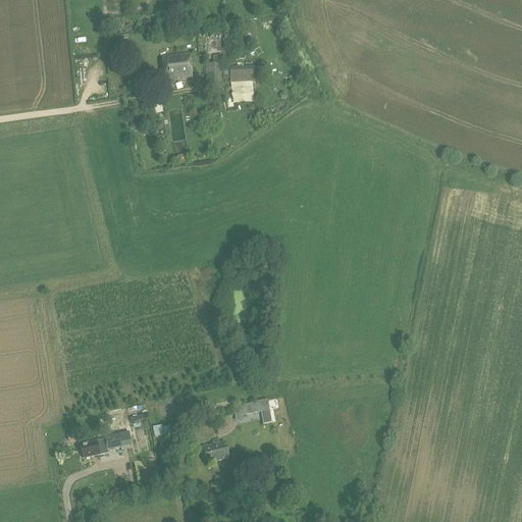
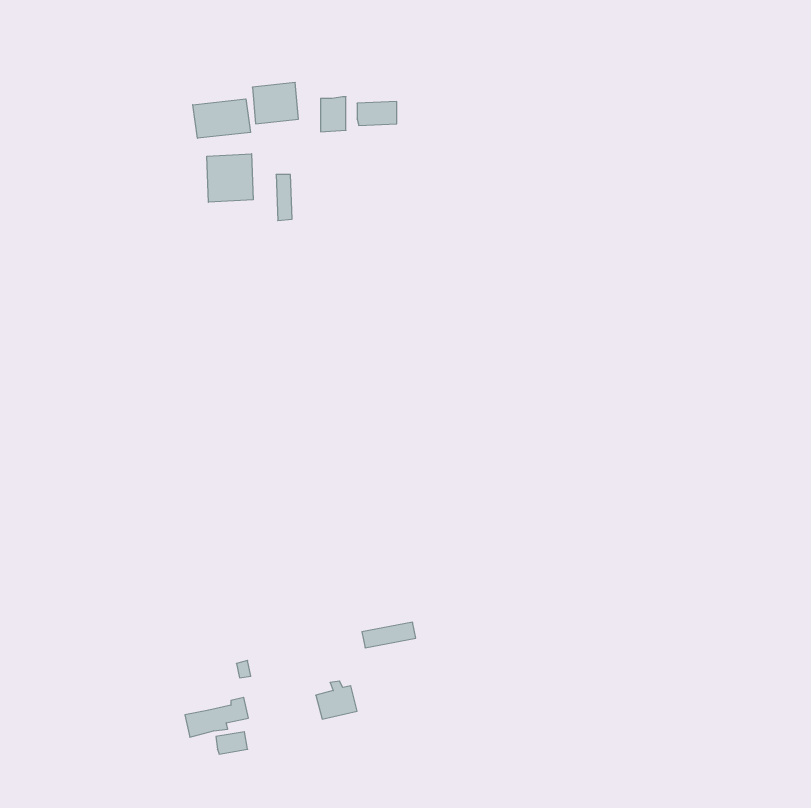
building: none -> [193,99,251,138]
building: none -> [207,154,253,202]
building: [81,432,121,458] -> [185,697,248,737]

